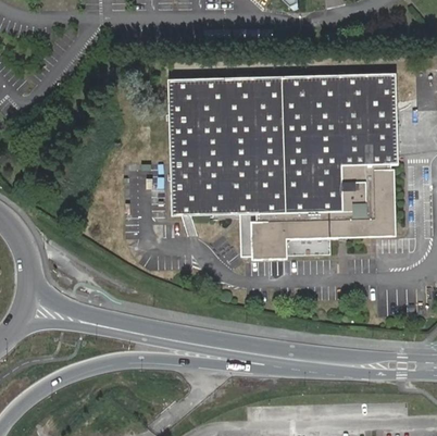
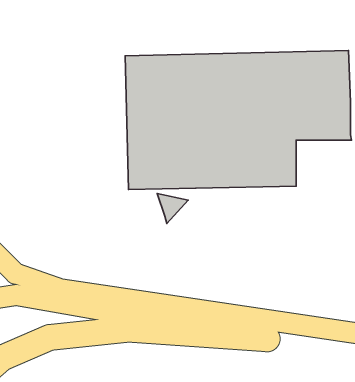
building: [239,165,395,260] -> none

